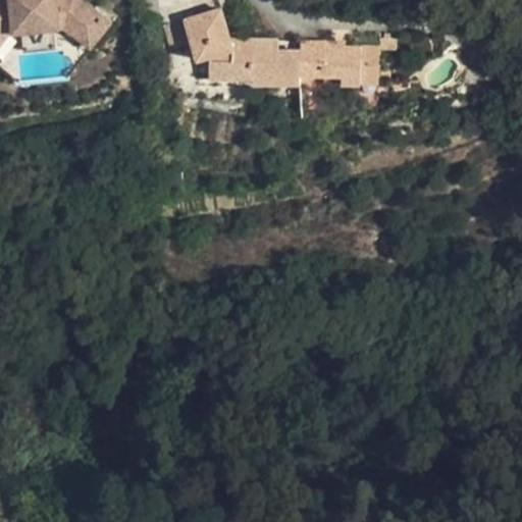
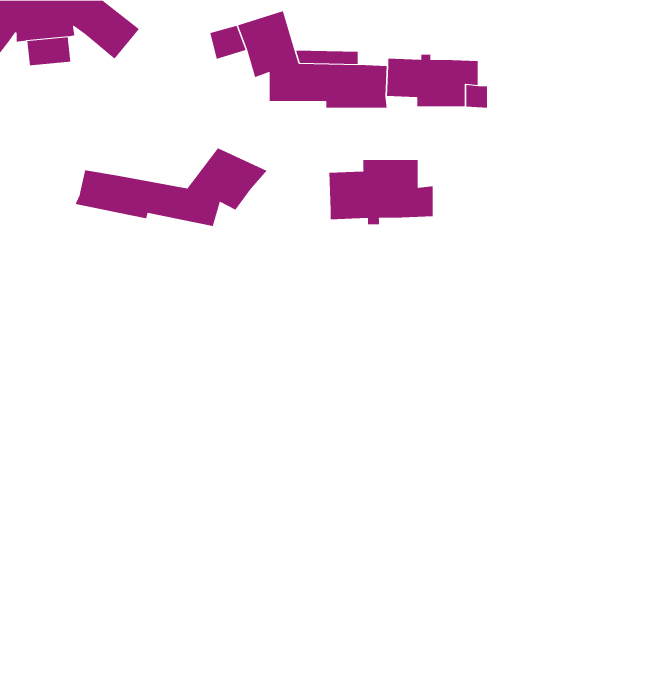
building: none -> [75,148,268,227]
building: none -> [329,159,433,225]

